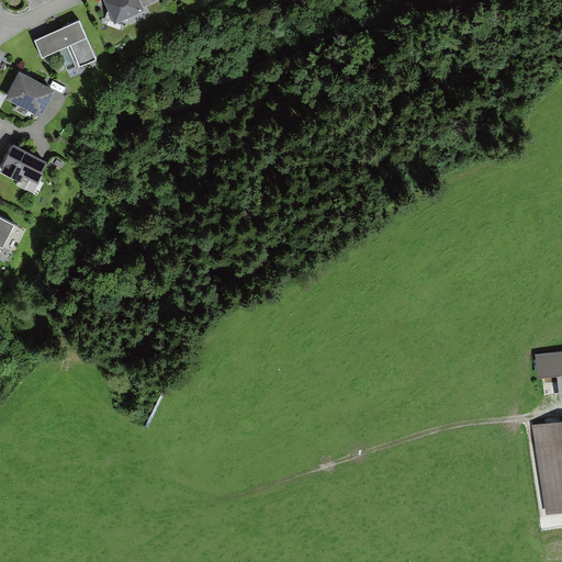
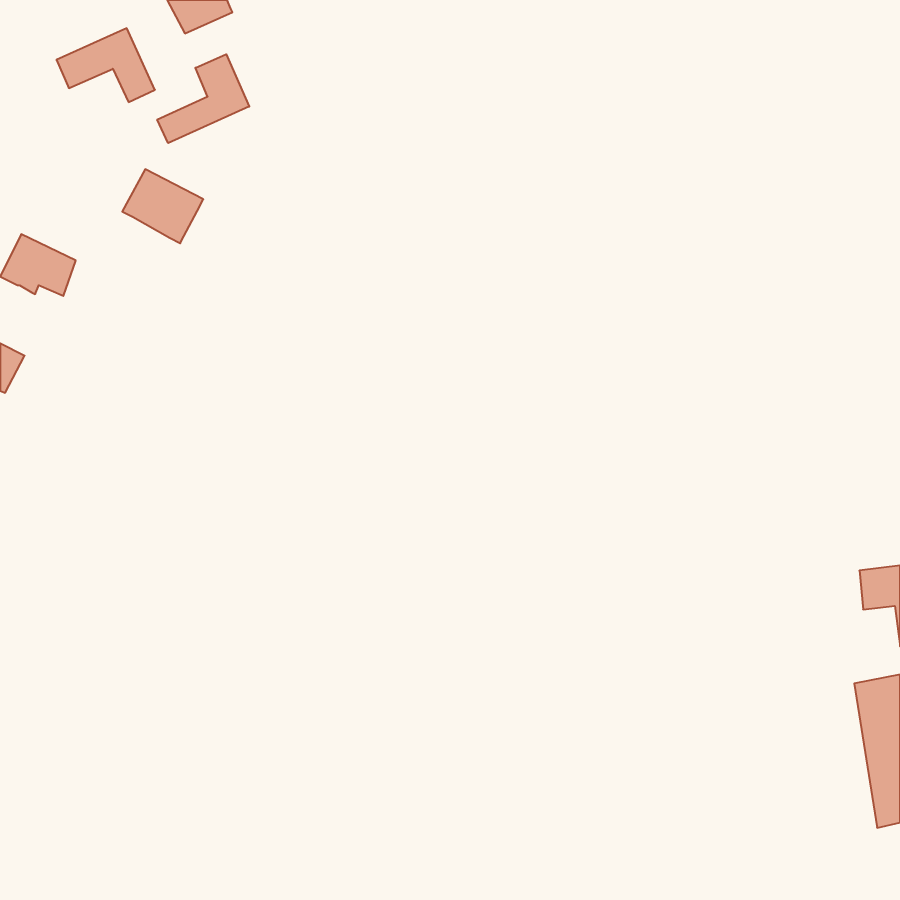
building: none -> [157,54,249,143]
building: [5,72,56,119] -> [122,169,203,243]

